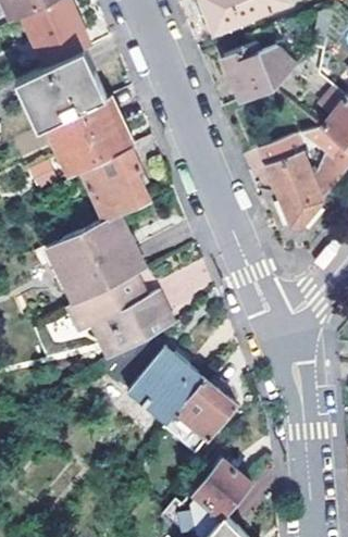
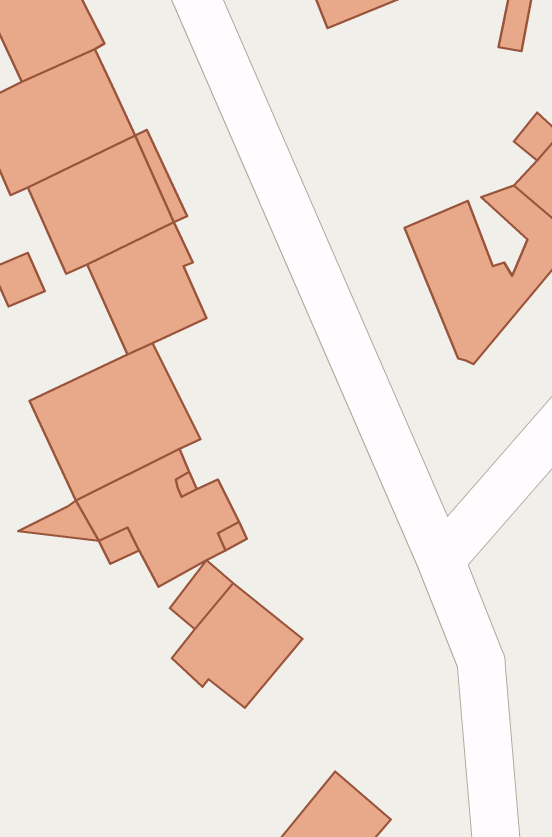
building: [224,45,298,102] -> none
building: [159,382,235,462] -> none

